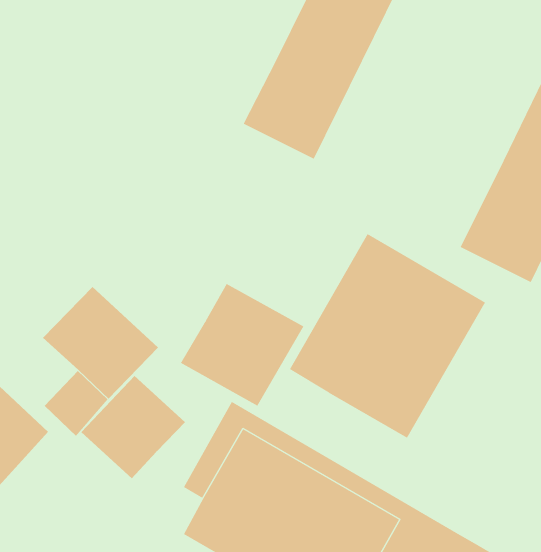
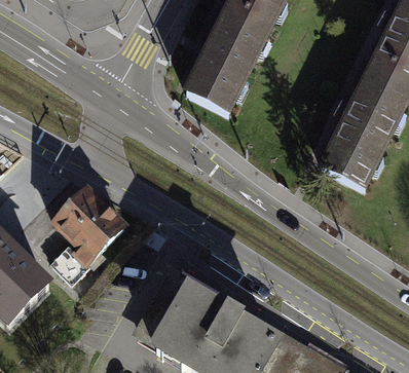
building: [289,233,486,438] -> none
building: [180,283,304,406] -> none
building: [80,375,186,479] -> none

